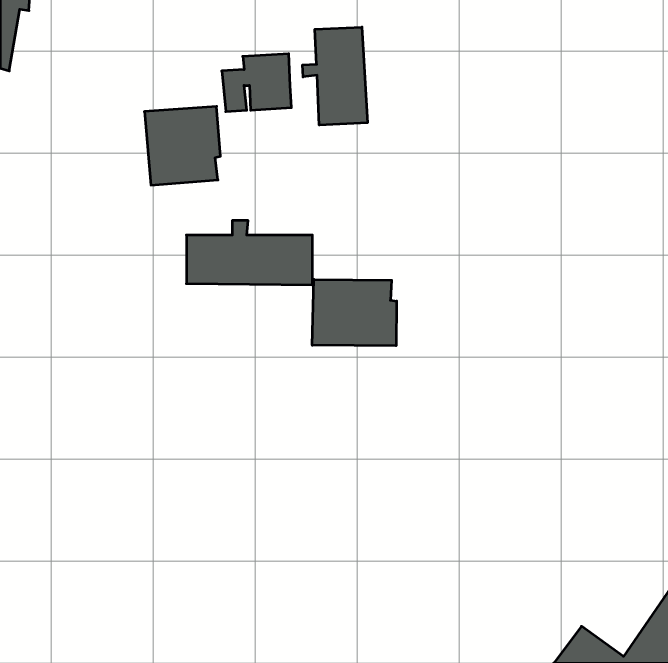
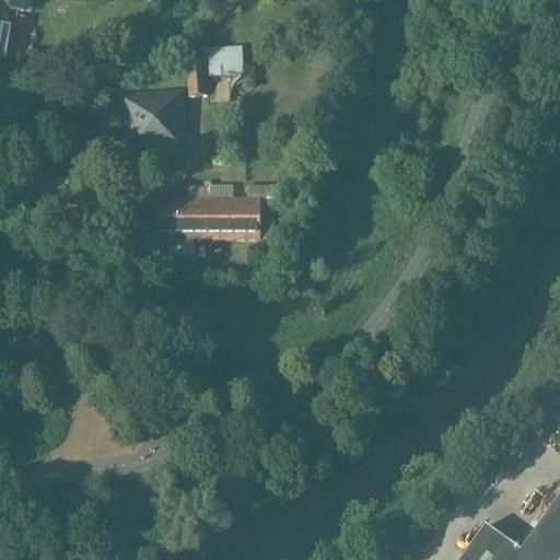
building: [303,27,367,125] -> none
building: [312,279,397,346] -> none

